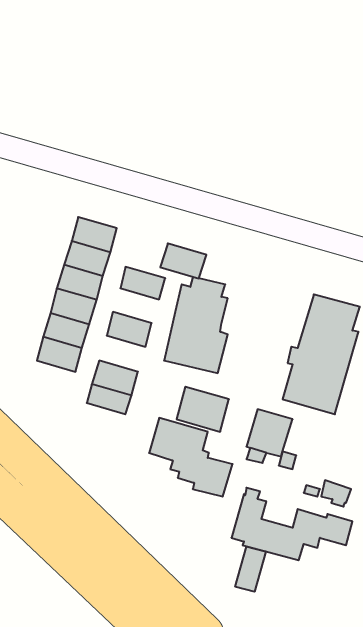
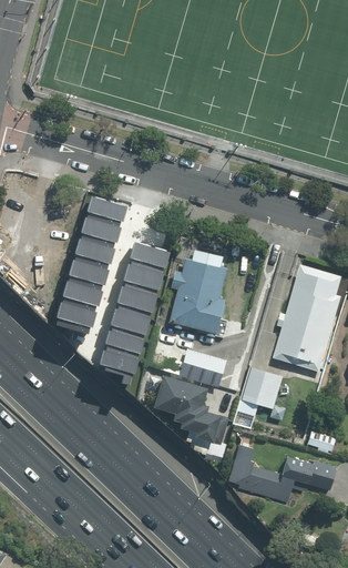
building: [160,243,206,278] -> [123,260,164,291]
building: none -> [111,302,152,334]
building: [235,547,266,592] -> none

